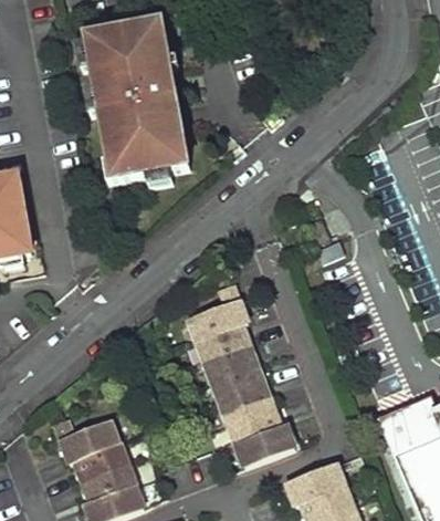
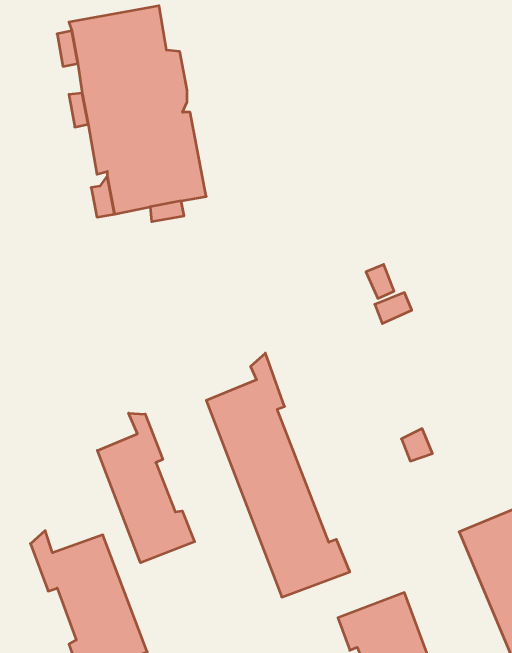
building: none -> [97,413,195,563]

